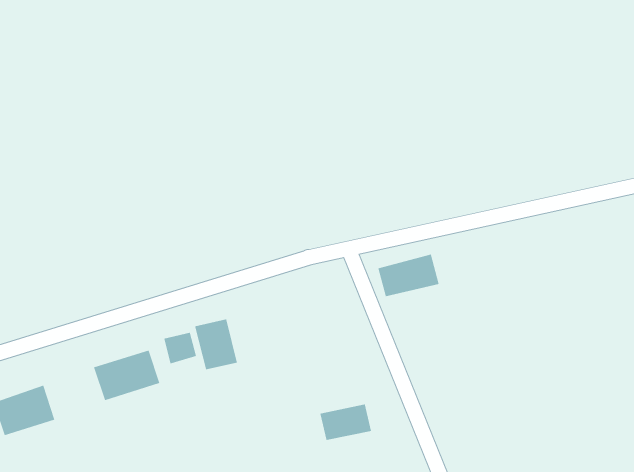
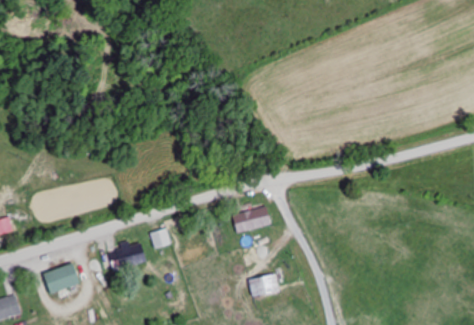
building: [377,254,439,297] -> [232,205,271,232]
building: [195,319,238,370] -> none

